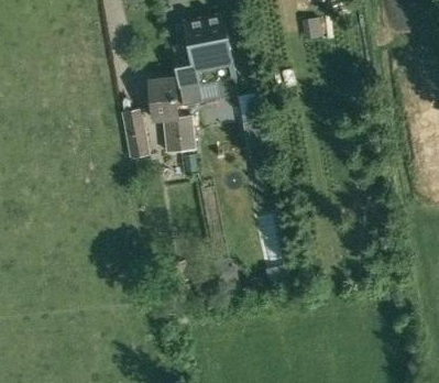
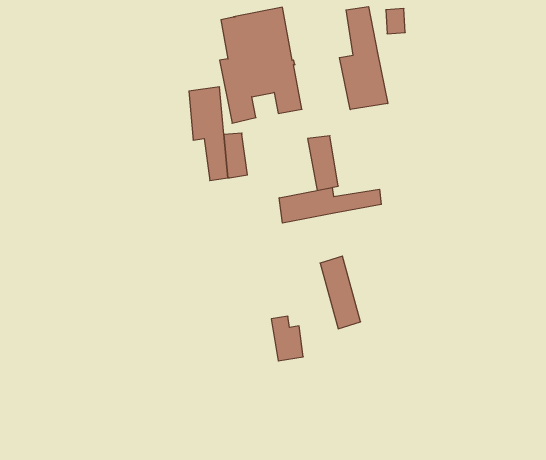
building: none -> [339,7,388,110]
building: [121,108,150,157] -> none
building: none -> [279,187,381,223]

